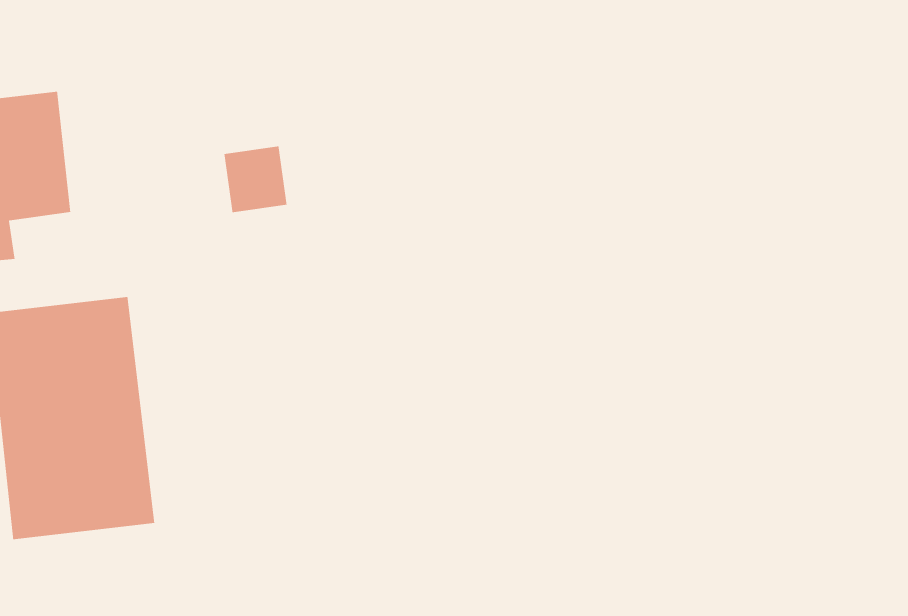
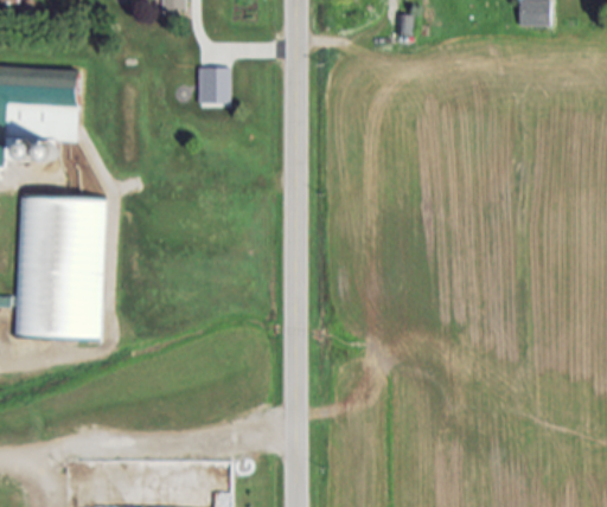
building: [223,146,288,213] -> [198,66,232,103]

